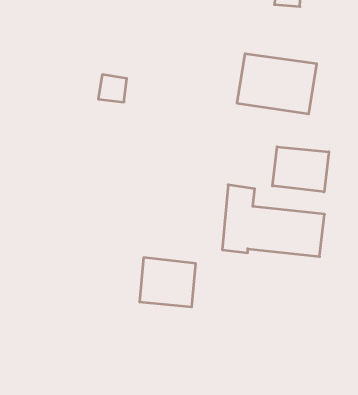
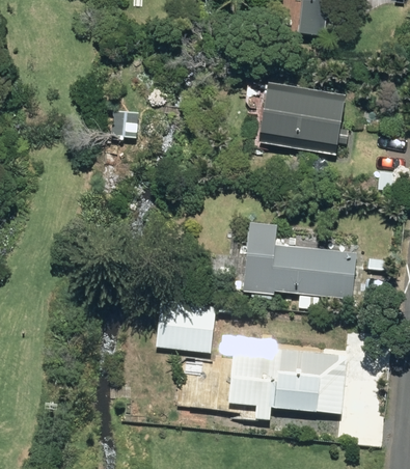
building: [272,147,329,192] -> none
building: none -> [227,347,346,420]

